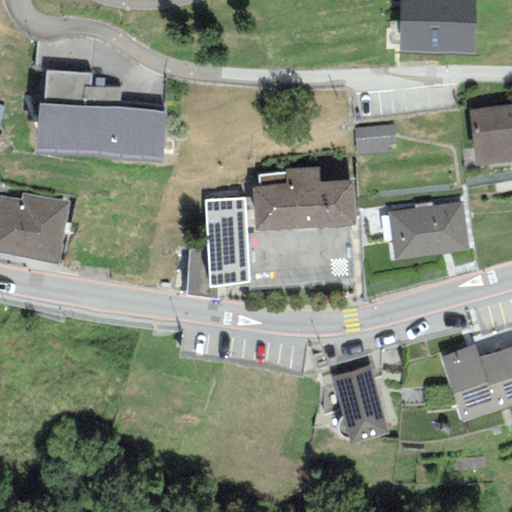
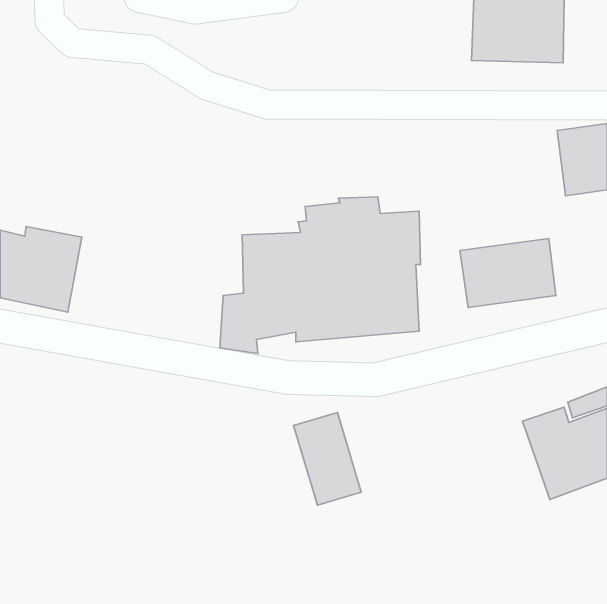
building: [34,68,167,162] -> none
building: [354,123,396,153] -> none
building: [331,365,388,443] -> [294,413,361,505]

